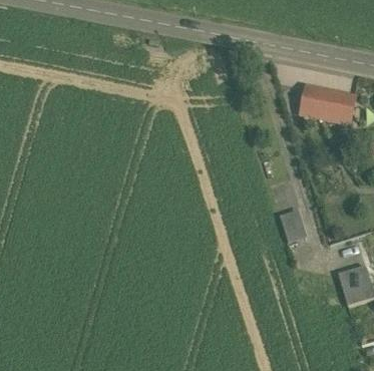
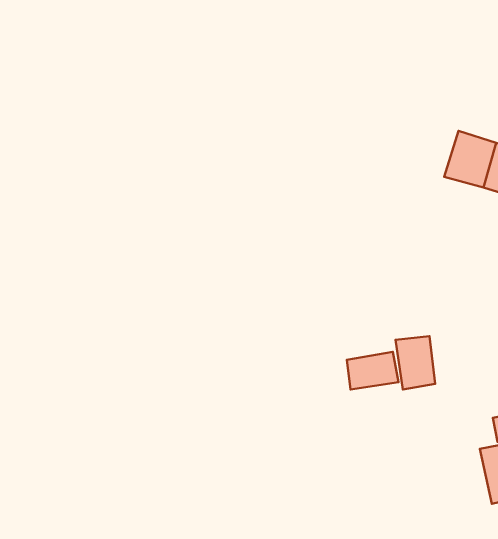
building: none -> [347,352,399,389]

